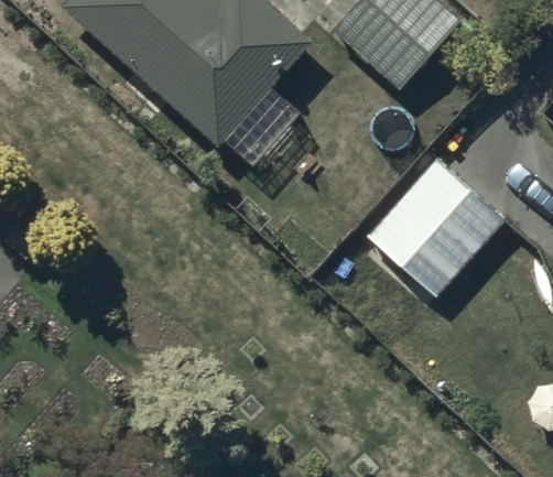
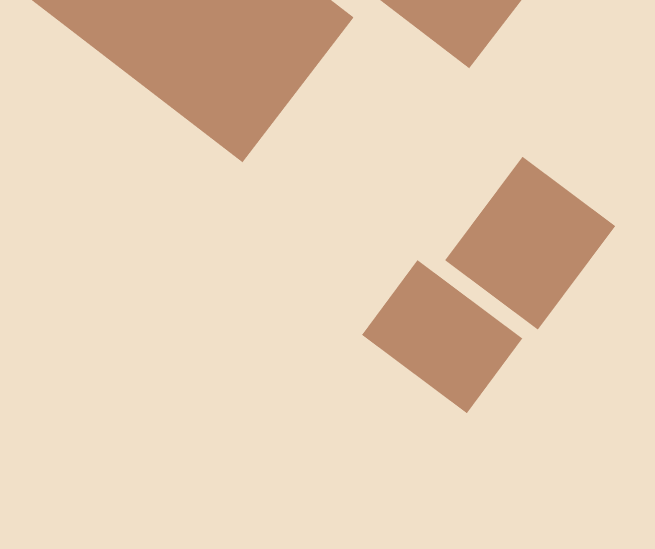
building: none -> [361,259,523,414]

